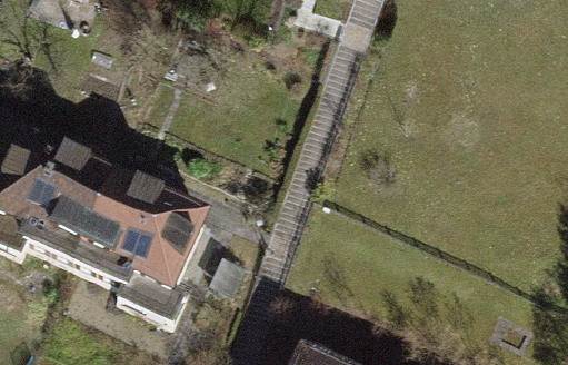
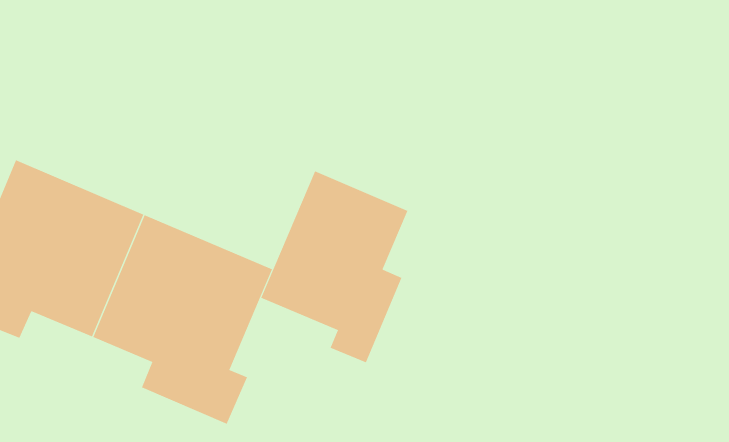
building: none -> [261,170,408,363]

